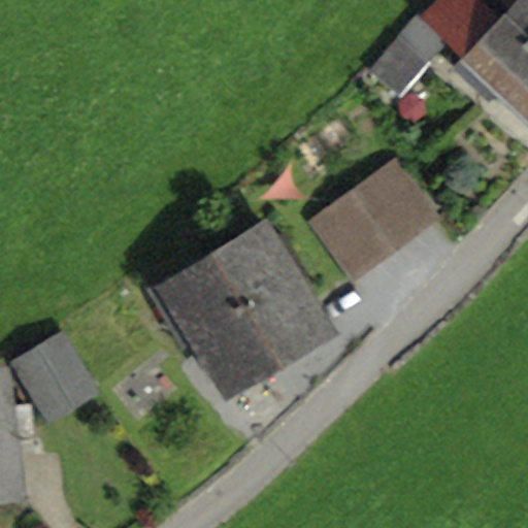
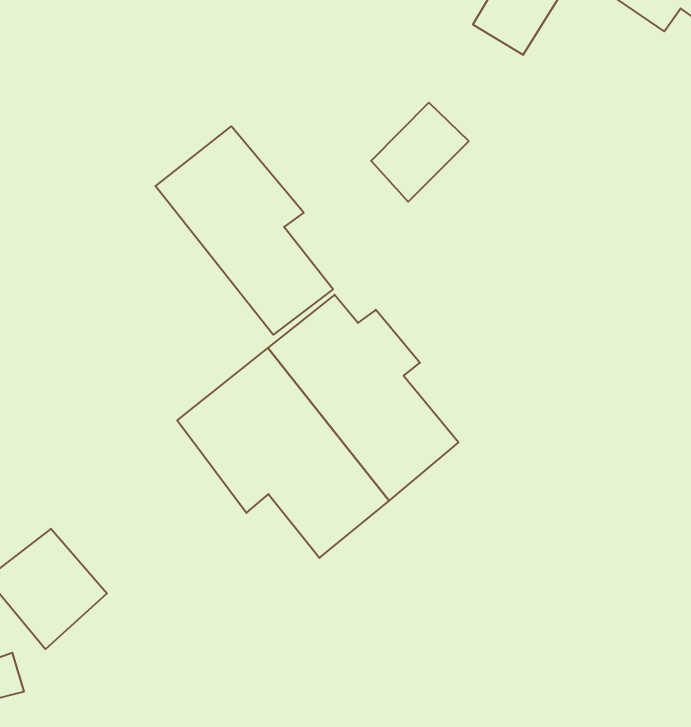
building: none -> [155,126,333,335]
building: [319,169,430,273] -> none

